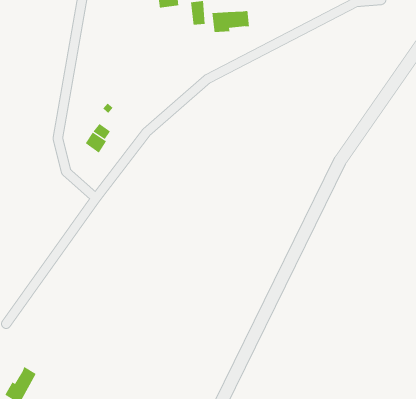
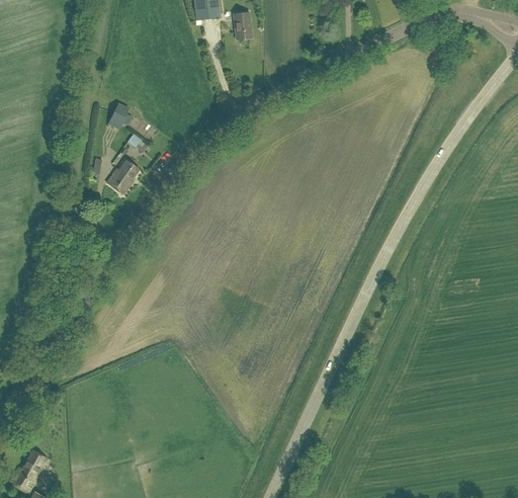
building: [212,10,250,33] -> none
building: none -> [107,100,132,128]

